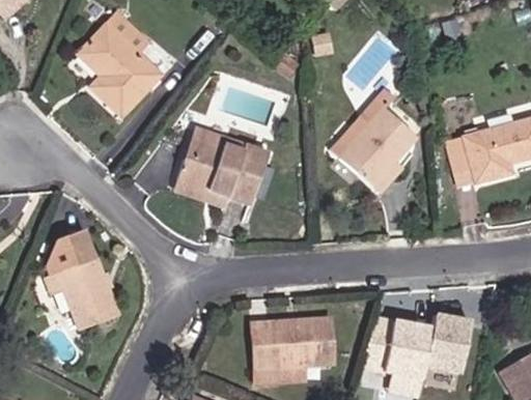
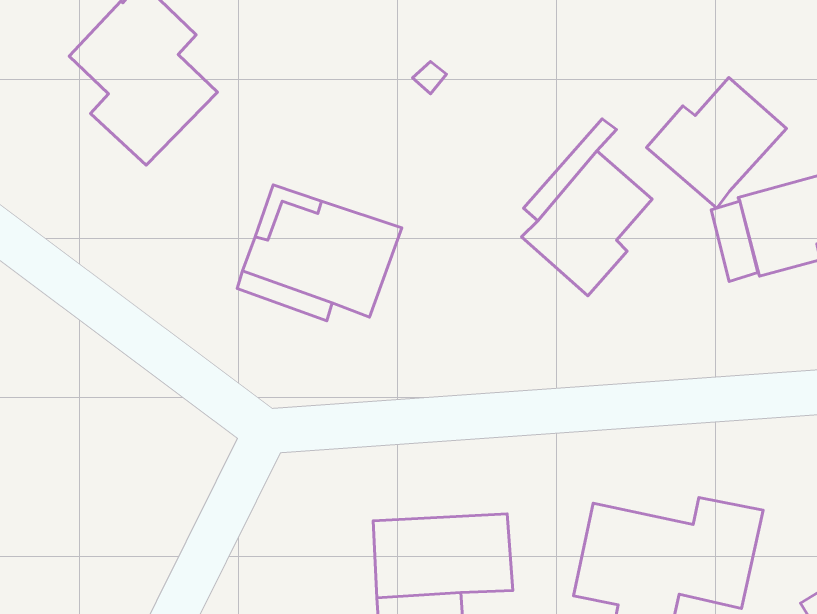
building: none -> [646,78,787,208]
building: [47,230,116,330] -> none

